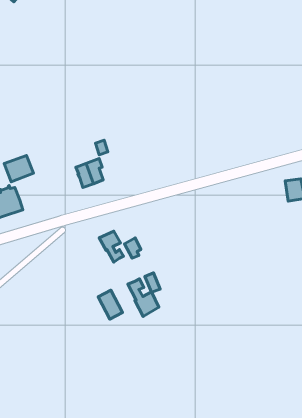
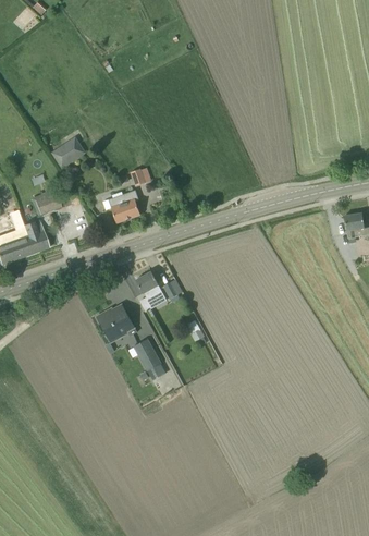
building: none -> [52,137,85,167]
building: none -> [97,304,137,343]
building: [128,279,159,317] -> none

